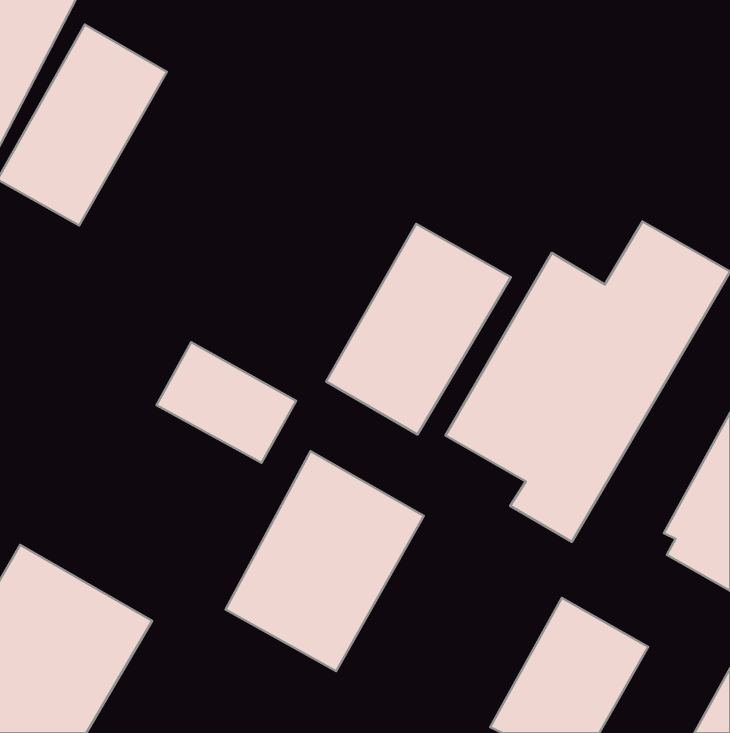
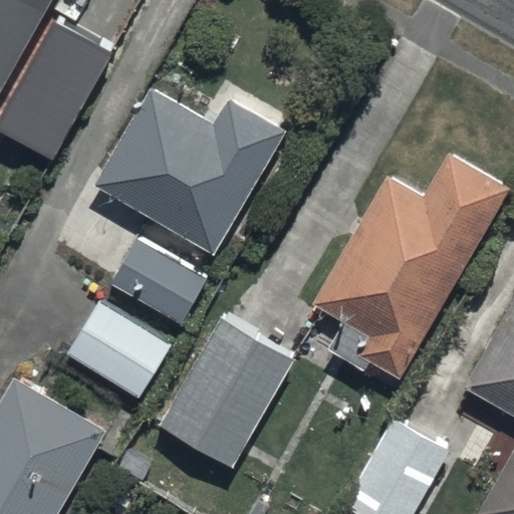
building: none -> [95,88,284,253]
building: [326,224,511,434] -> none
building: none -> [66,299,173,398]

